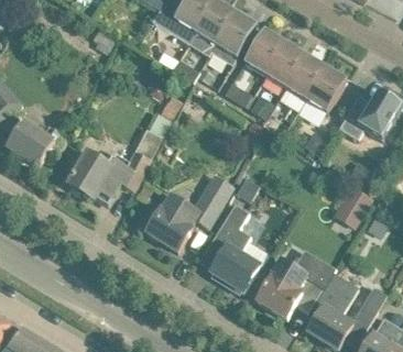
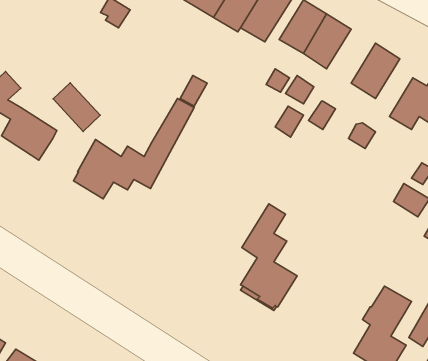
building: [285,53,327,99] -> none
building: none -> [53,83,100,131]
building: [145,174,233,251] -> none
building: [257,253,335,317] -> none

